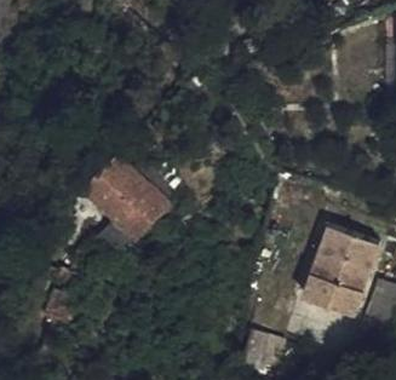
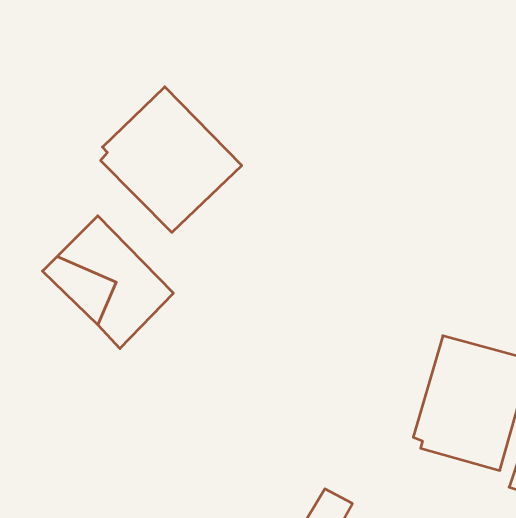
building: none -> [101,87,242,232]

